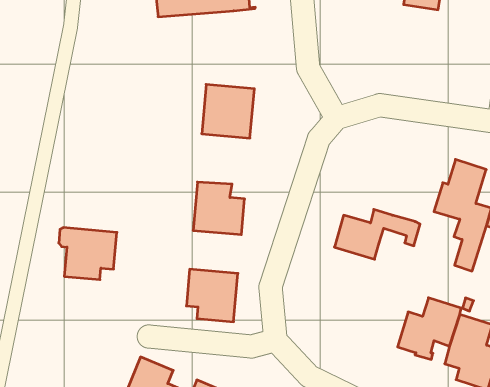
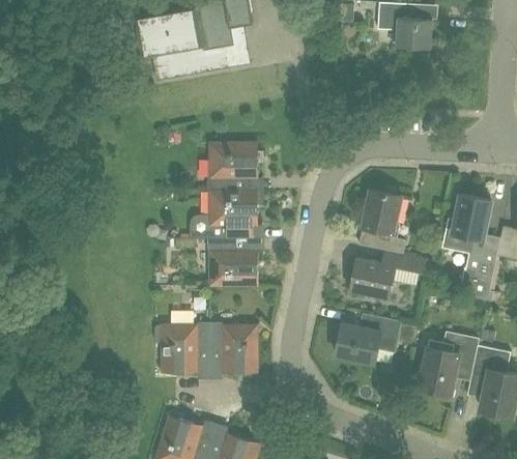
building: none -> [191,191,263,238]
building: none -> [358,190,406,254]
building: [59,228,117,280] -> [153,324,209,372]
building: none -> [336,315,418,363]

